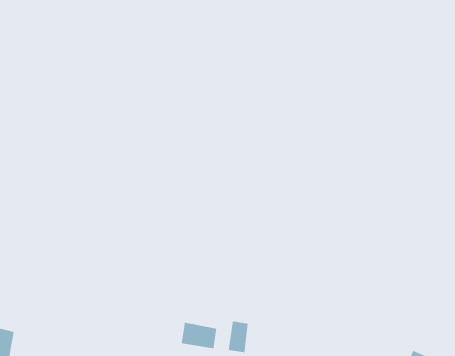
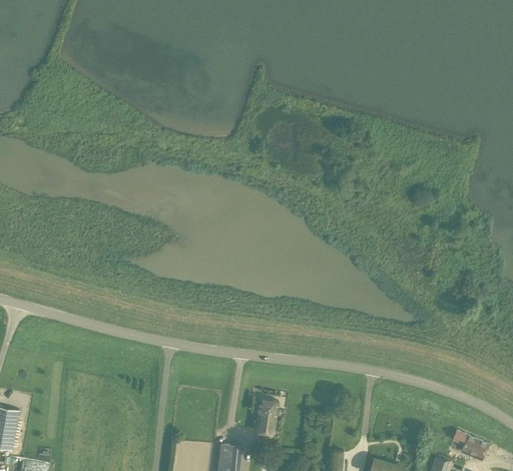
building: [181,322,217,349] -> none

